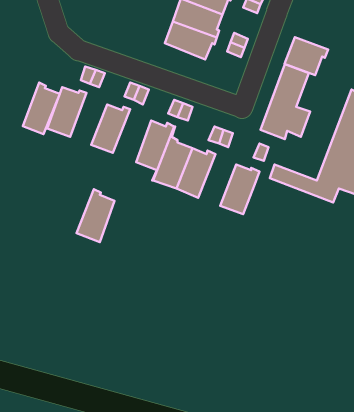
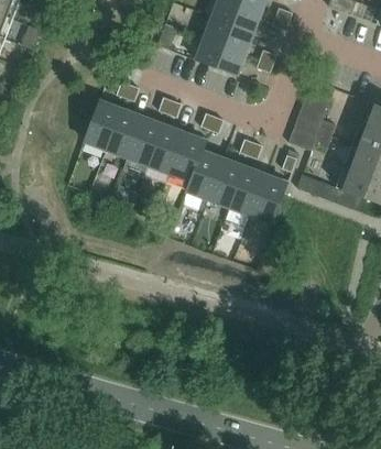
building: [285,37,328,75] -> none
building: [23,82,60,134] -> [107,106,142,155]
building: none -> [229,164,265,213]
building: [77,189,115,242] -> [148,121,184,172]

